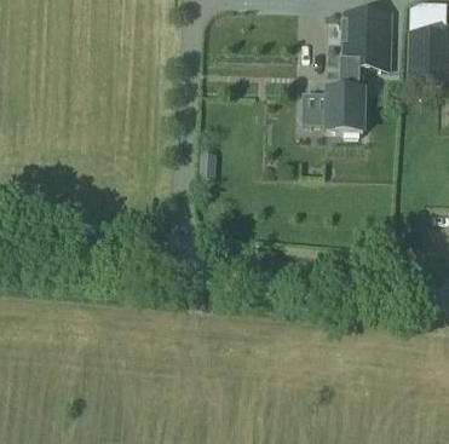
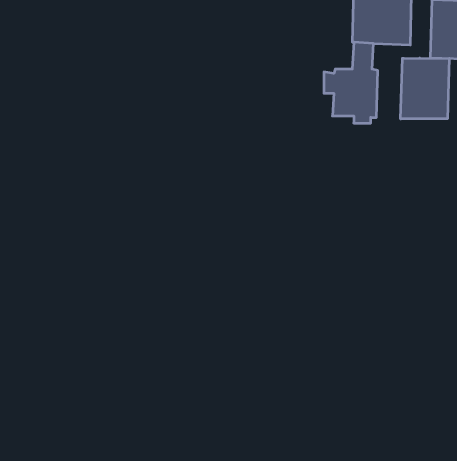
building: none -> [401,58,449,119]

